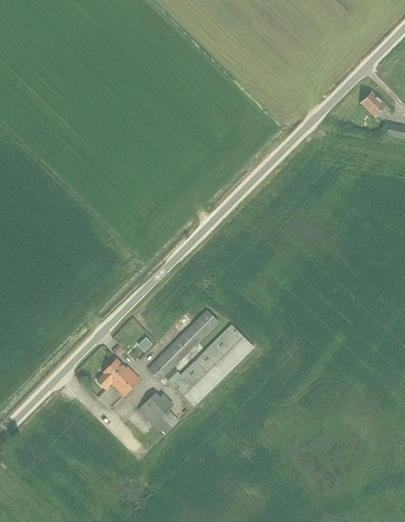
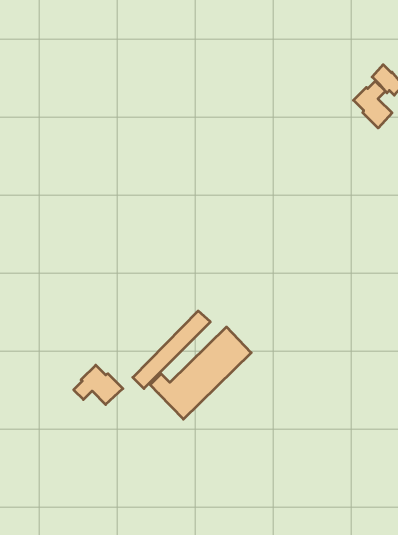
building: none -> [353,81,392,128]
building: [136,391,177,436] -> none

